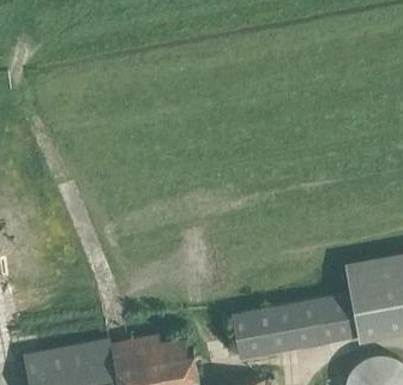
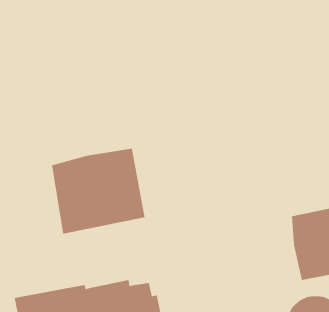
building: none -> [51,148,145,234]
building: [230,295,351,359] -> none

